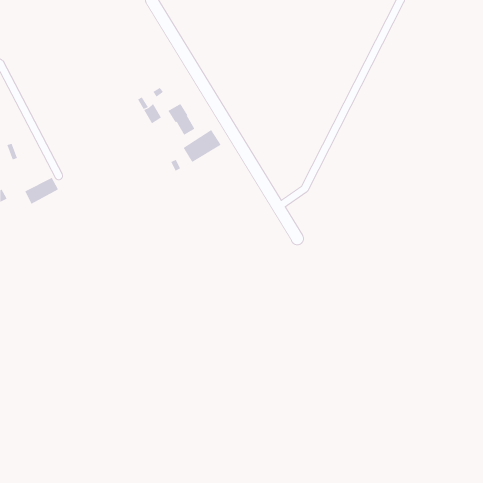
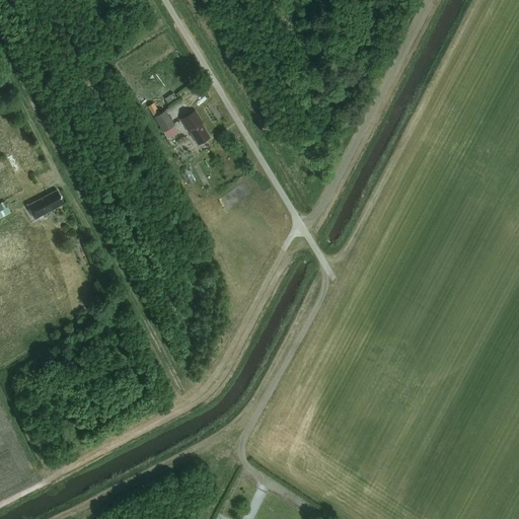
building: [183,129,222,163] -> none

